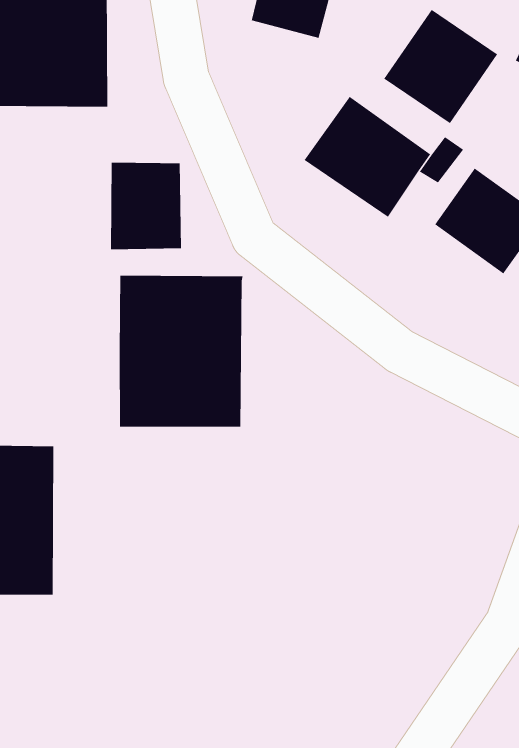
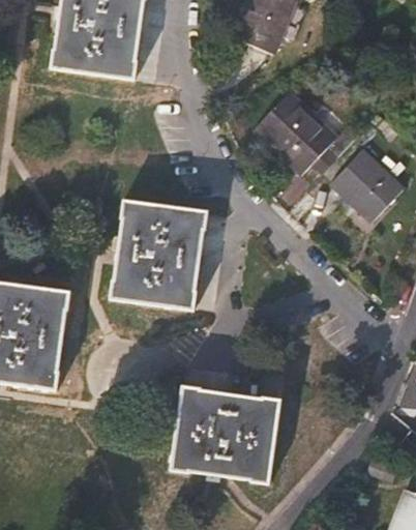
building: [383,9,498,124] -> none
building: [110,162,182,250] -> none
building: none -> [171,387,281,481]

